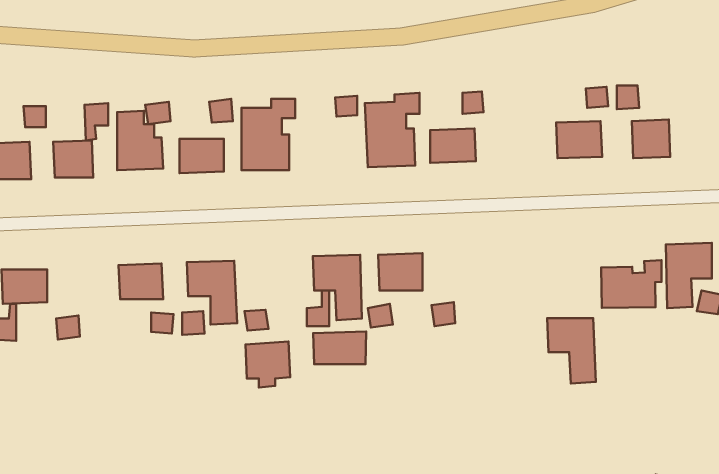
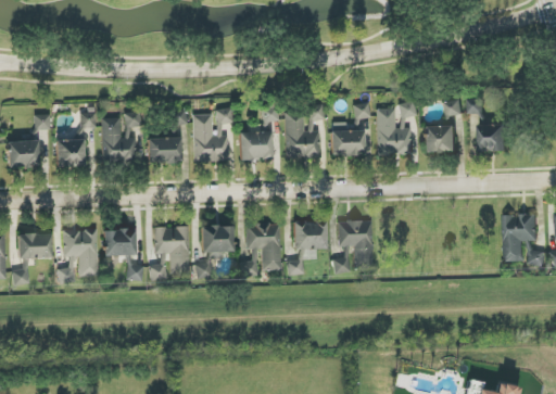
building: none -> [376,101,415,154]
building: none -> [239,130,273,158]
building: [601,260,661,308] -> none
building: none -> [62,228,98,275]
building: [547,318,596,383] -> [338,219,374,267]
building: [313,331,366,364] -> none
building: [246,341,290,387] -> [201,224,233,257]

